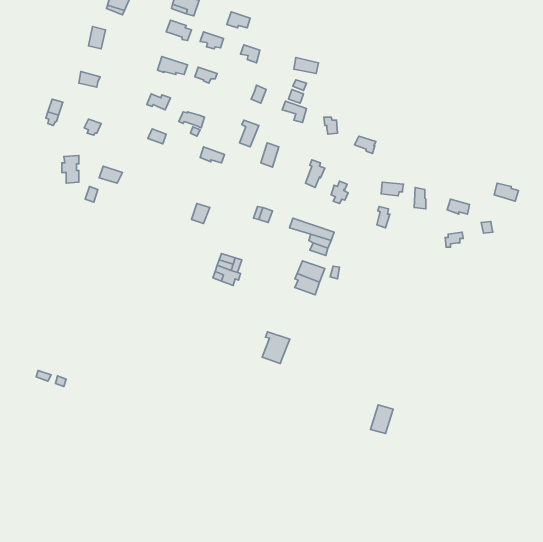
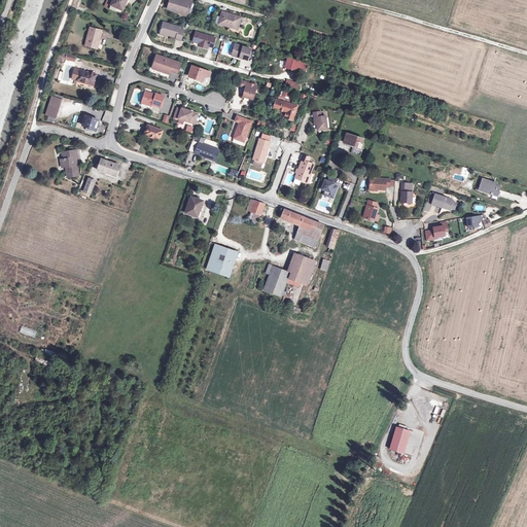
building: [262,332,290,364] -> [261,264,288,294]
building: [371,405,393,434] -> [388,424,410,452]

